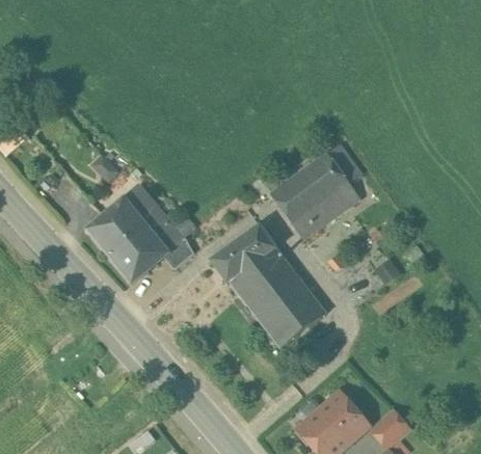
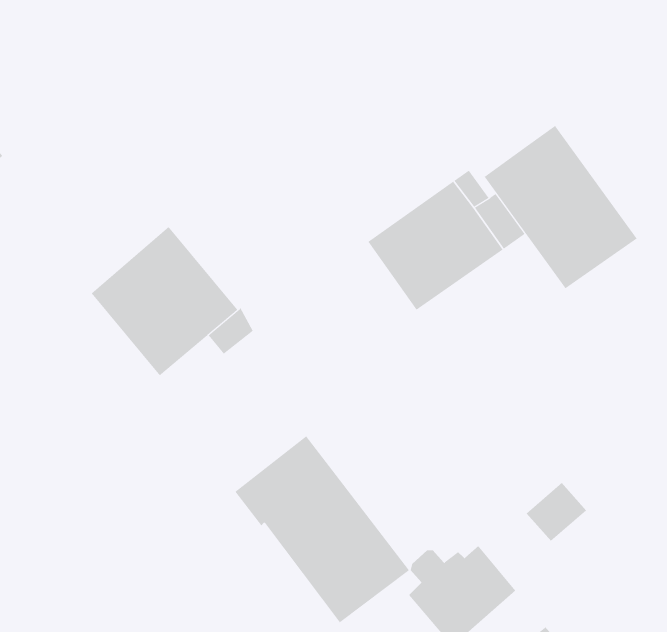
building: none -> [484,124,638,289]
building: [210,224,326,349] -> [235,436,410,623]
building: [369,408,409,448] -> [526,482,587,542]

